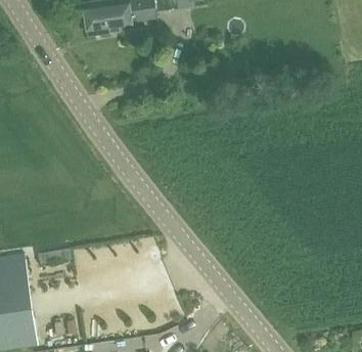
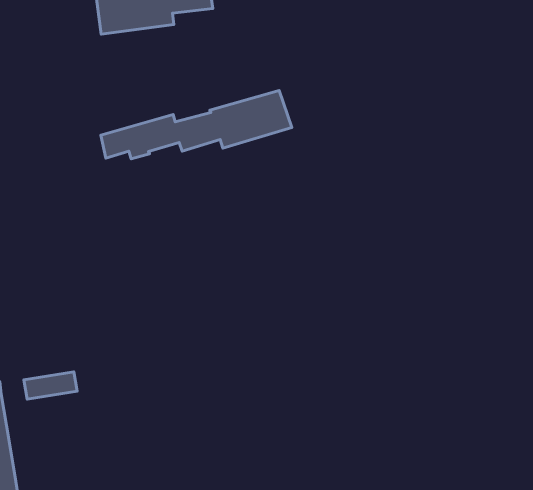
building: none -> [101,91,292,159]

